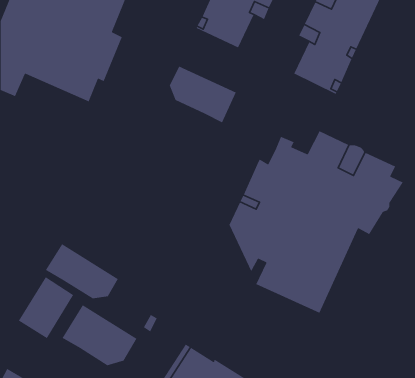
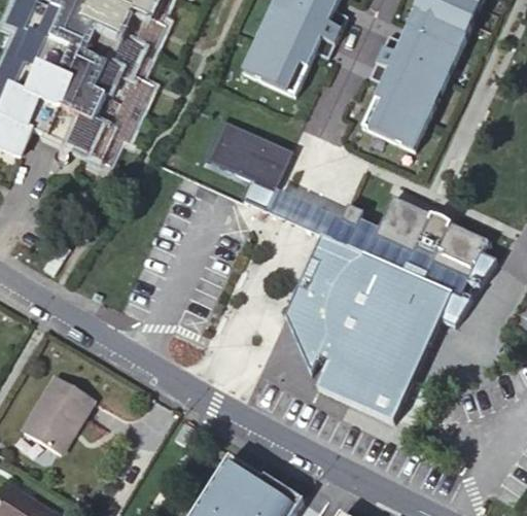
building: none -> [241,177,339,238]
building: [45,243,119,299] -> none
building: [61,304,137,366] -> none

